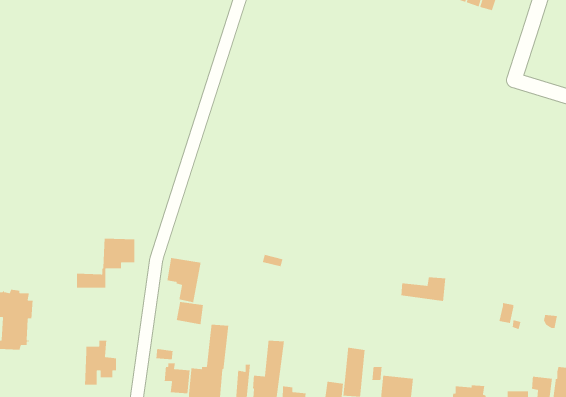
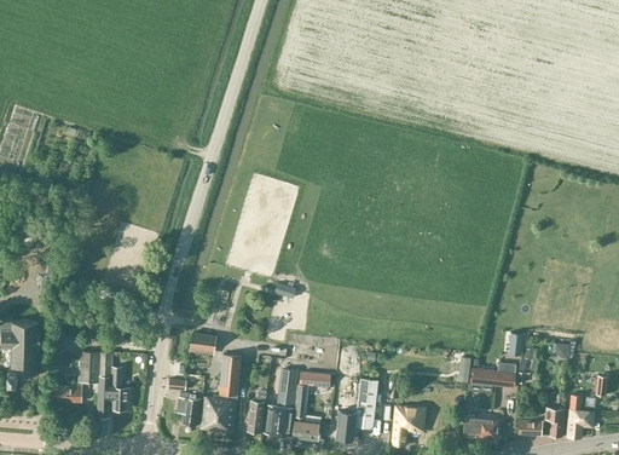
building: [76,238,135,288] -> [51,350,110,401]
building: [166,257,201,303] -> none
building: [400,277,446,302] -> [469,362,515,387]
building: none -> [293,370,330,416]

